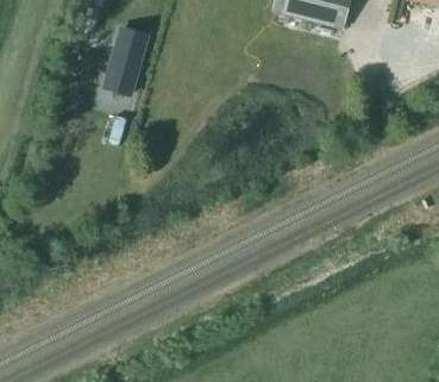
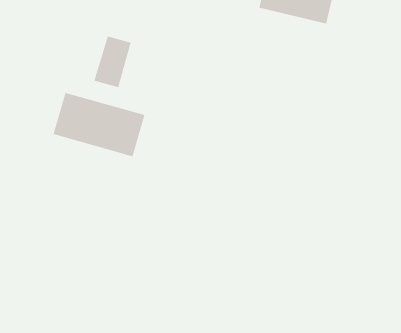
building: none -> [53,92,145,157]

